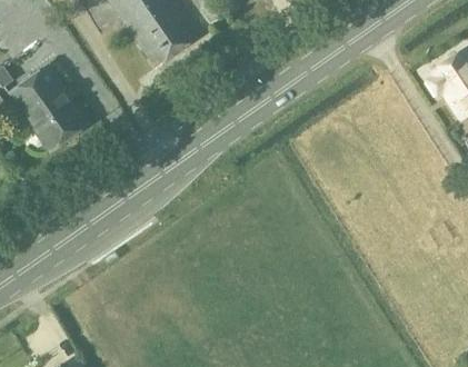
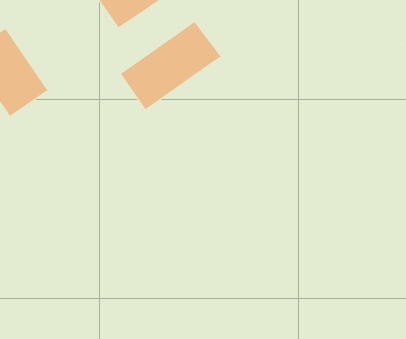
building: none -> [120,21,221,110]

